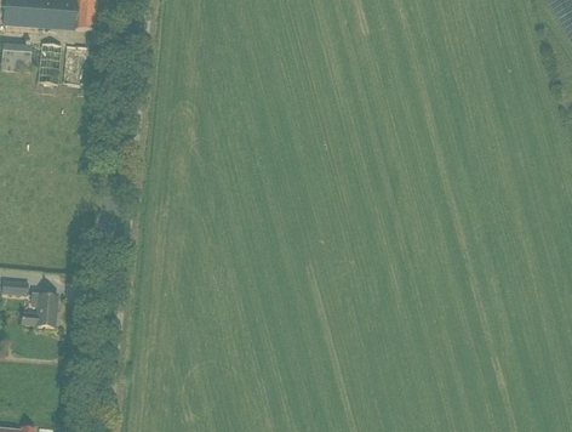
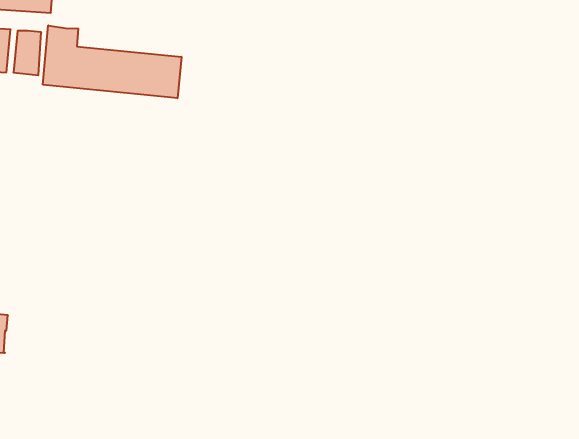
building: none -> [43,25,181,98]

